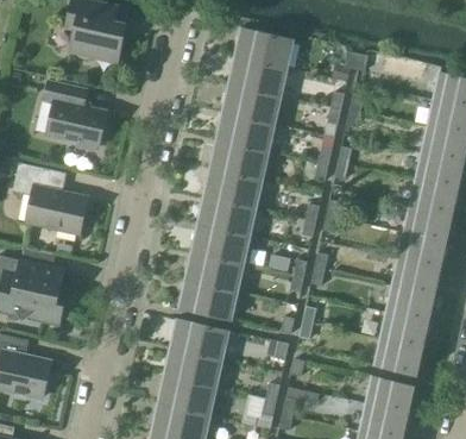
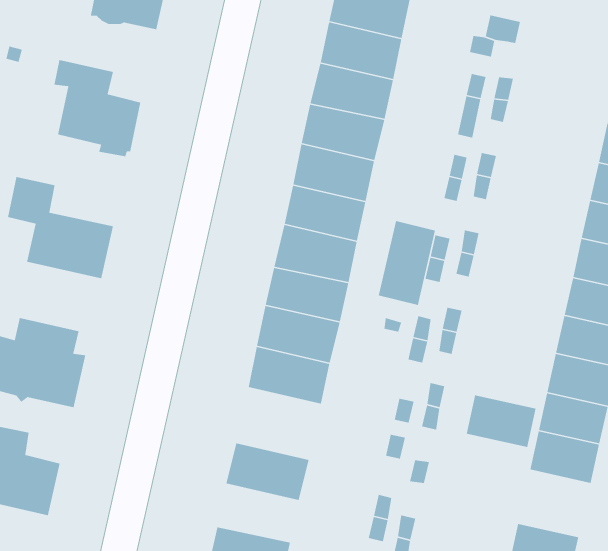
building: none -> [378,220,436,306]
building: [171,319,228,359] -> none
building: [158,376,215,416] -> none
building: [366,376,415,413] -> [466,395,536,448]

